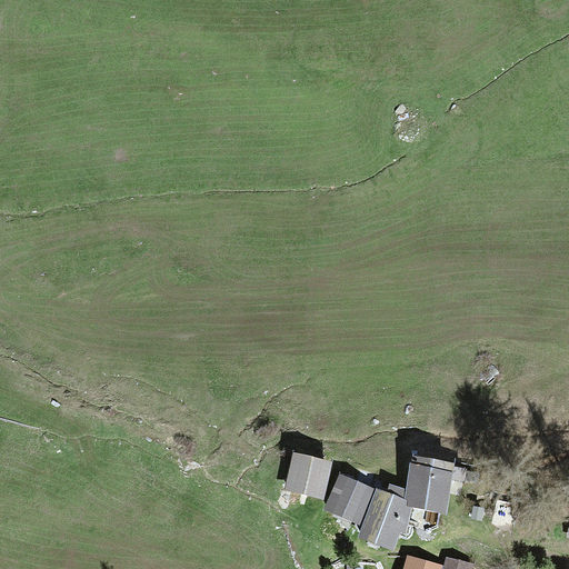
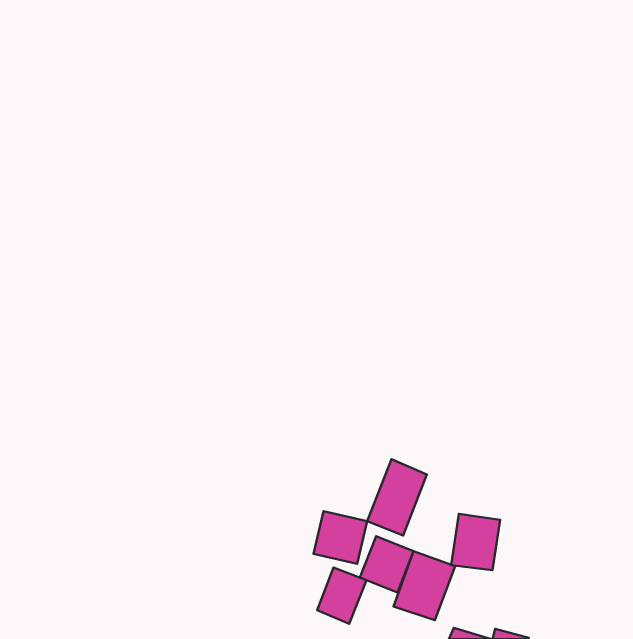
building: none -> [367,459,427,535]
building: none -> [317,568,366,624]

